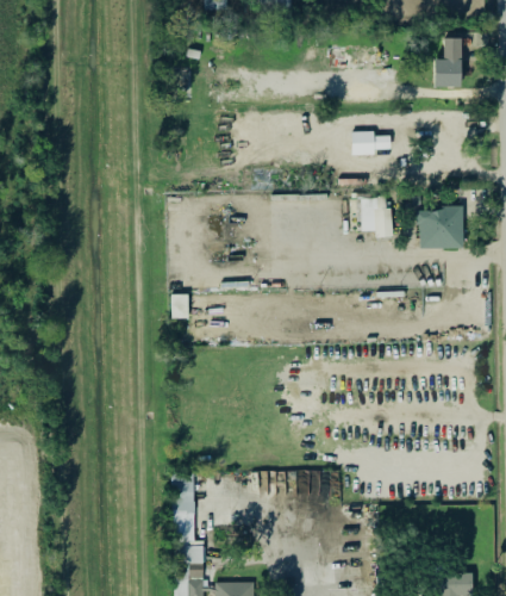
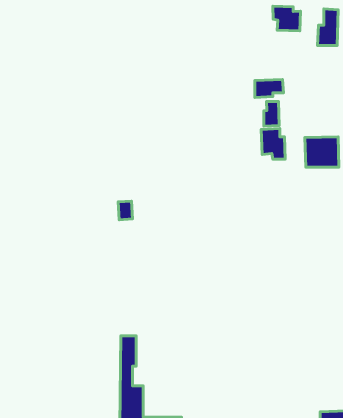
building: none -> [273,6,300,31]
building: none -> [264,101,279,126]

